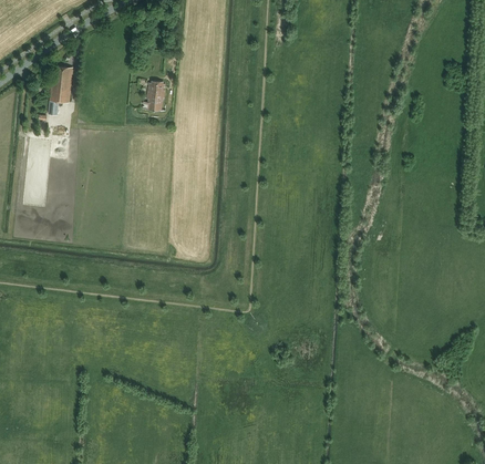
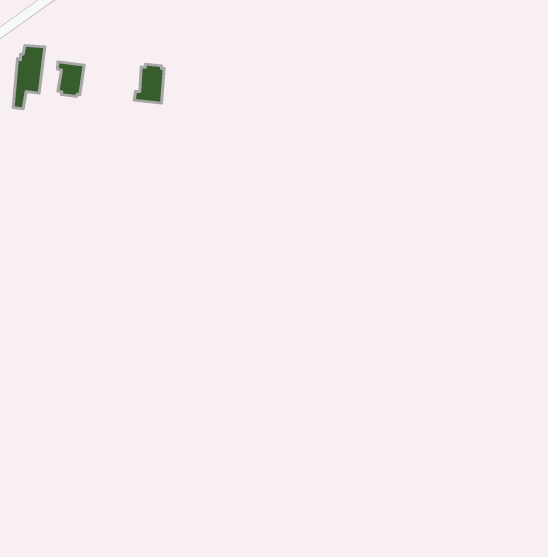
building: none -> [57,62,84,97]

